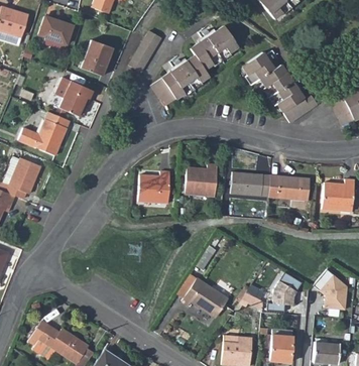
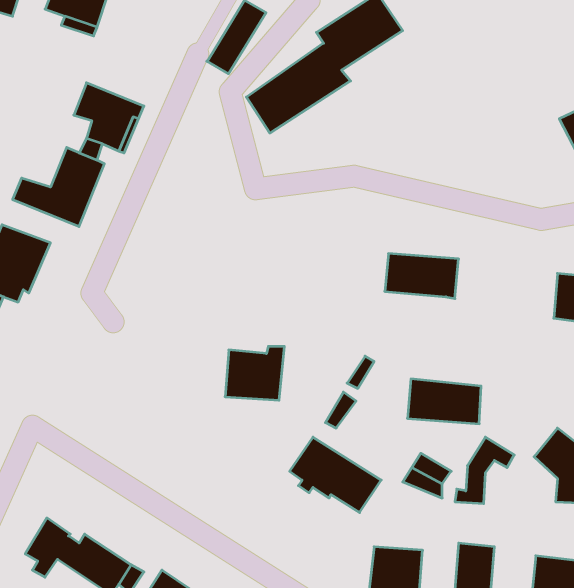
building: [82,39,114,76] -> none
building: [242,50,318,121] -> none
building: [185,161,217,194] -> none
building: [139,169,172,200] -> [225,346,284,400]
building: [268,174,310,200] -> [407,379,481,424]

